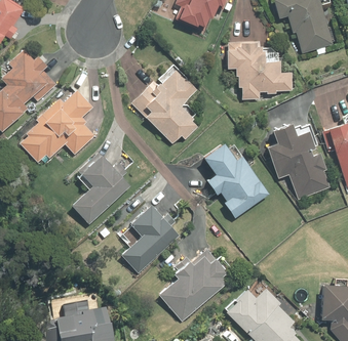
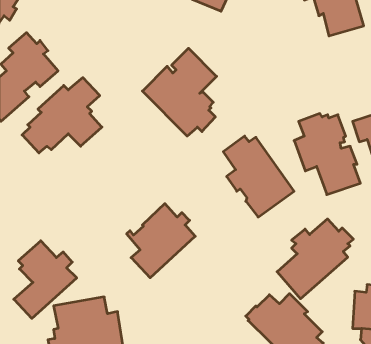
building: [227,41,291,99] -> none
building: [73,153,130,223] -> [14,241,77,318]
building: [160,248,230,321] -> [277,219,353,299]

